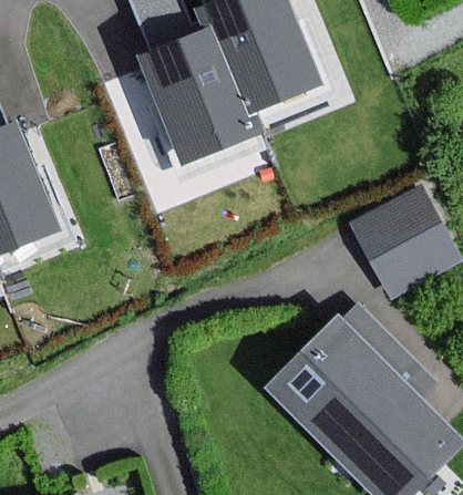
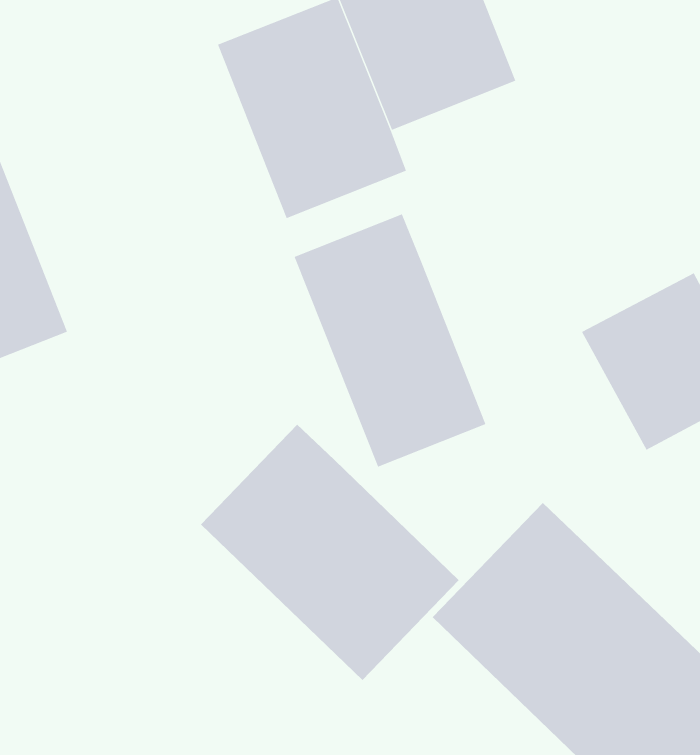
building: none -> [294,213,486,468]
building: none -> [200,424,459,681]

